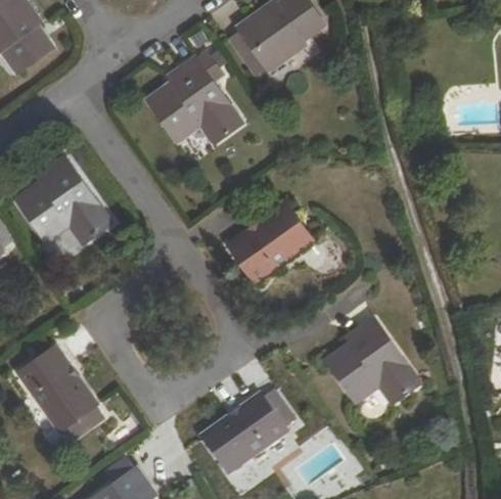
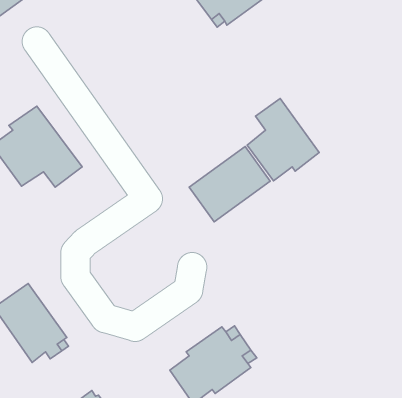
building: [145,55,240,144] -> none
building: none -> [247,99,319,181]
building: [326,317,422,405] -> none

